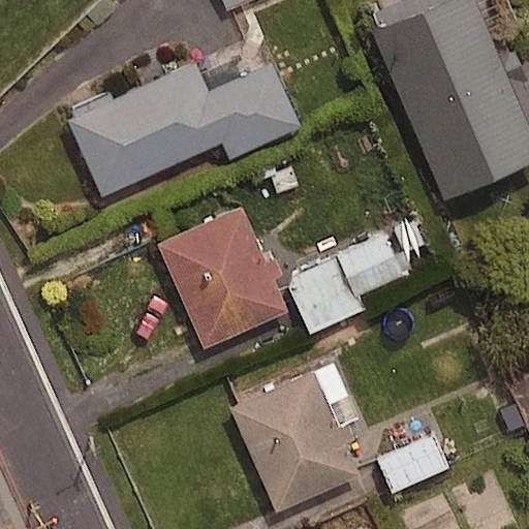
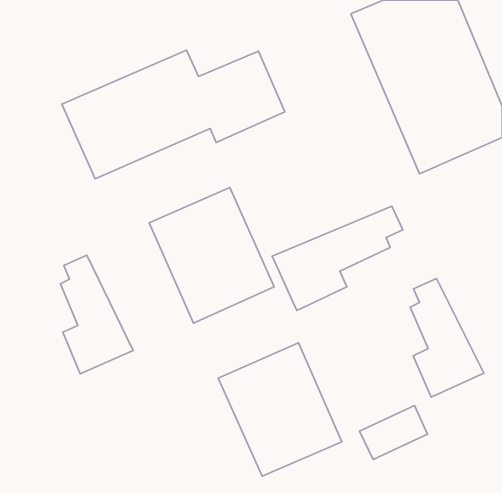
building: none -> [60,255,133,374]
building: none -> [410,278,484,397]

